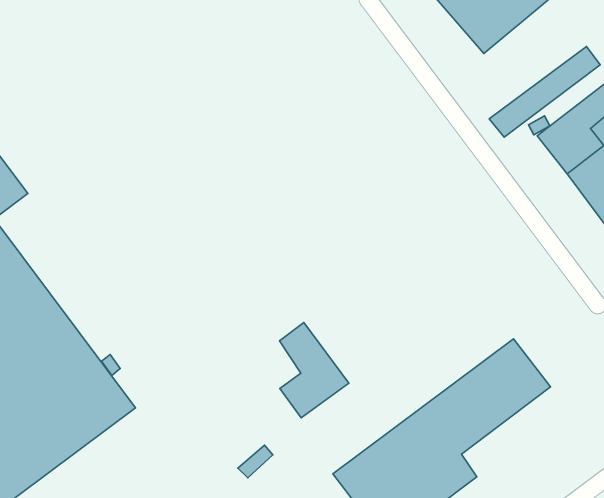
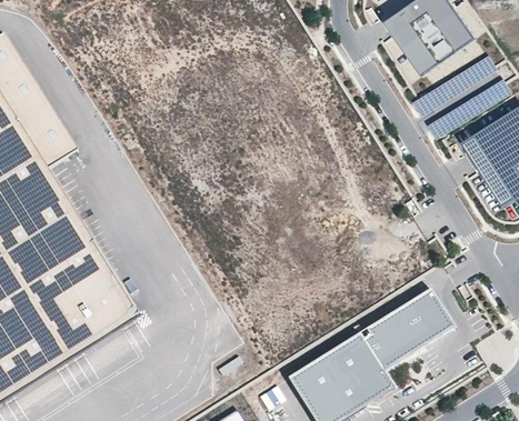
building: none -> [410,53,496,116]
building: [279,323,349,418] -> none

